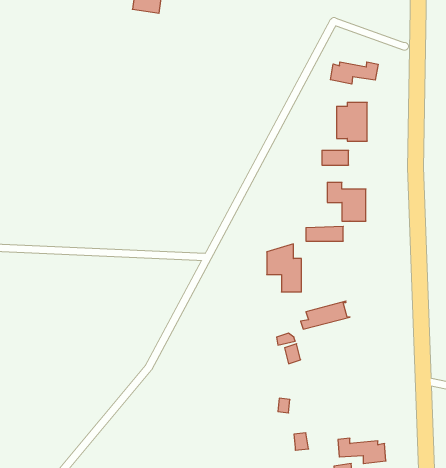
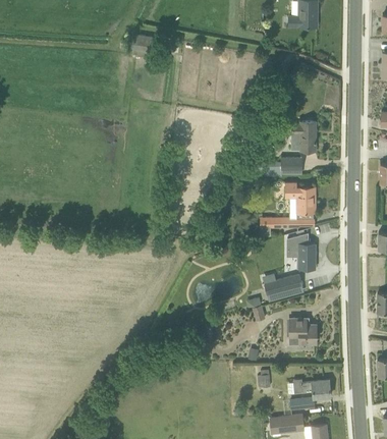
building: [330,62,378,84] -> none
building: [267,244,301,292] -> [288,232,315,269]
building: none -> [288,318,315,343]

